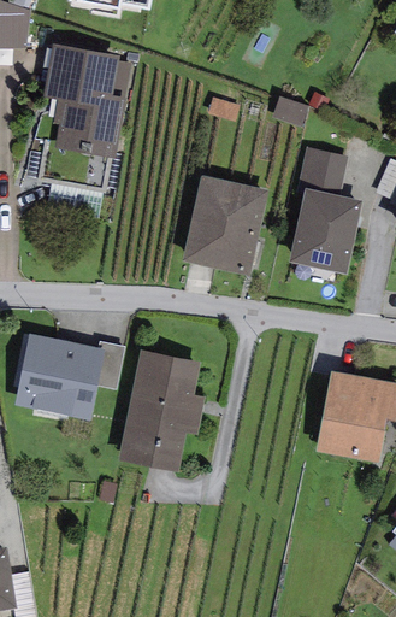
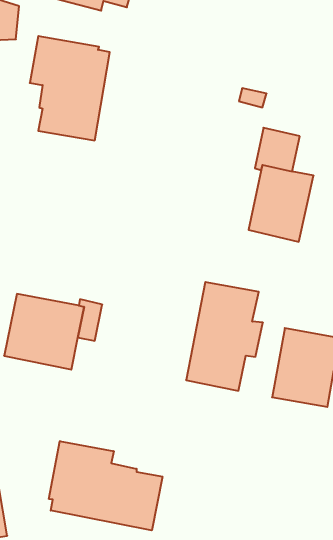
building: [183,176,267,275] -> none
building: [118,349,205,472] -> [186,282,263,391]
building: none -> [49,441,162,530]

